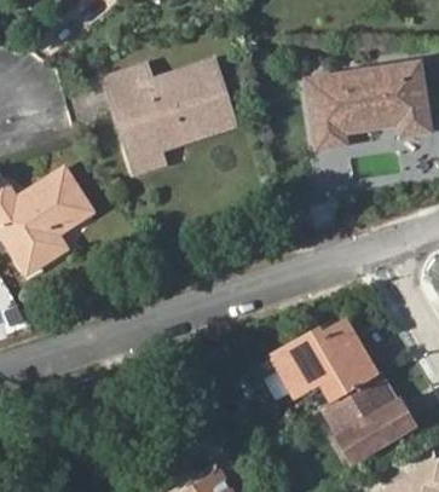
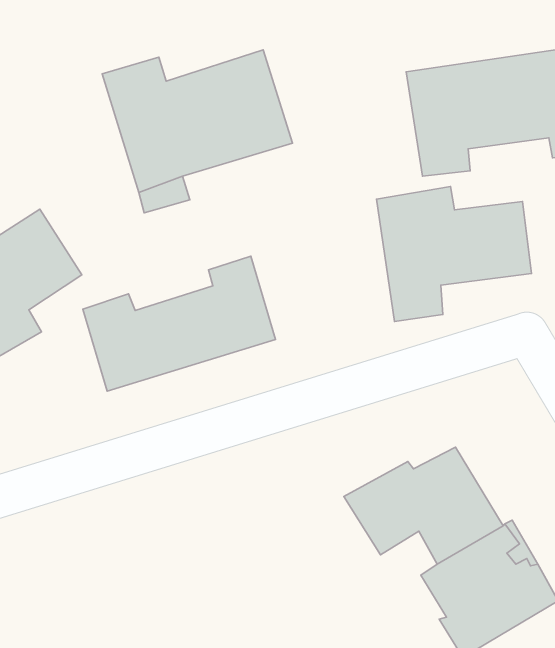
building: none -> [377,186,531,321]
building: none -> [83,256,275,391]

